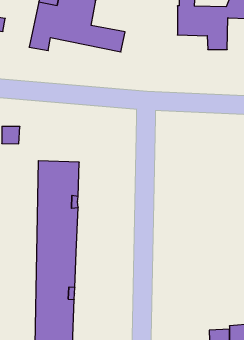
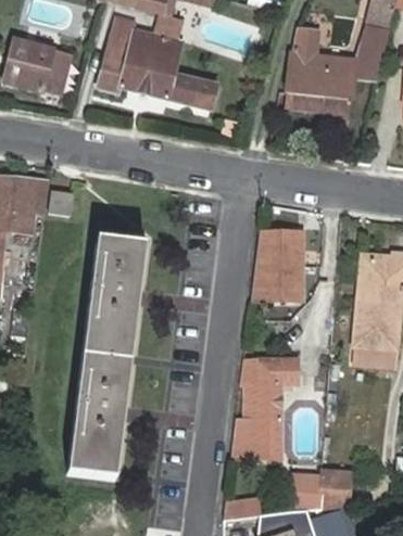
building: none -> [252,229,303,298]
building: none -> [231,358,297,455]

